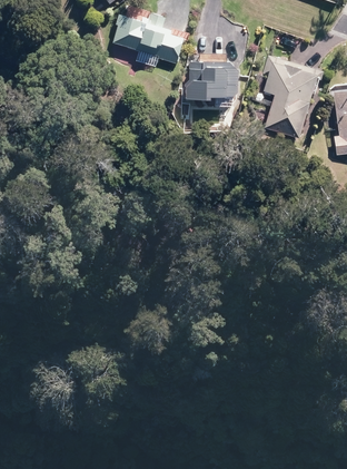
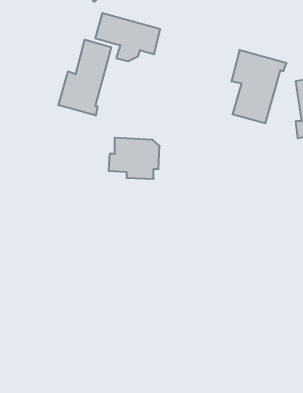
building: none -> [58,40,111,116]
building: [184,62,240,108] -> [109,138,160,179]

